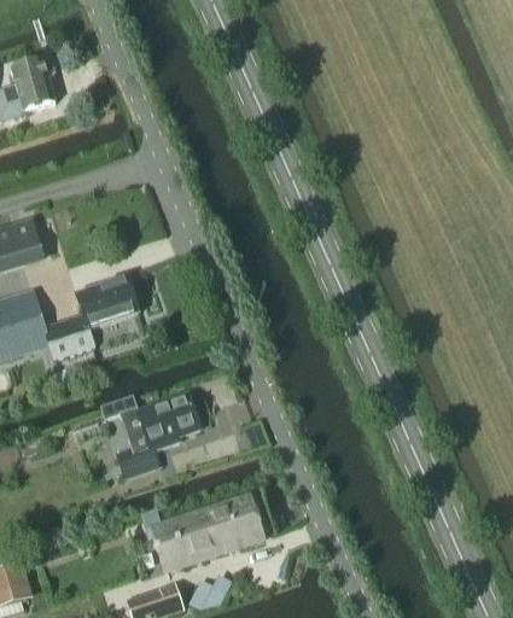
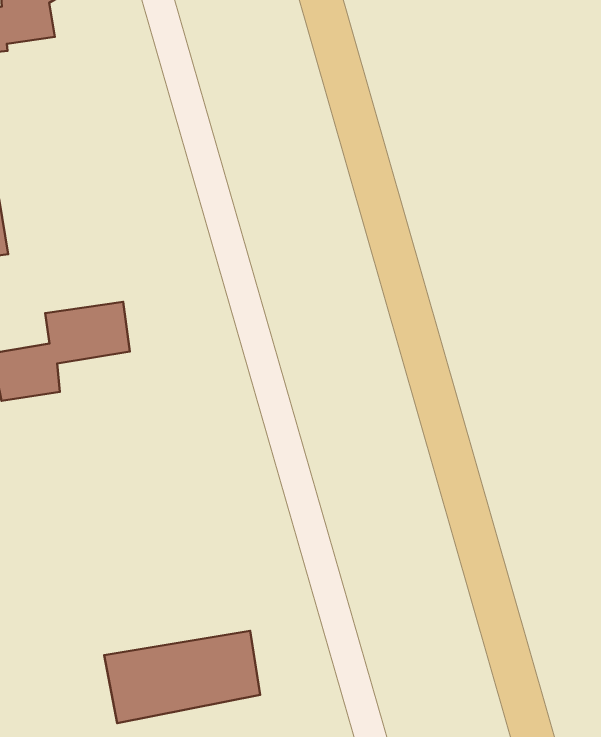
building: [103,395,200,479] -> none

